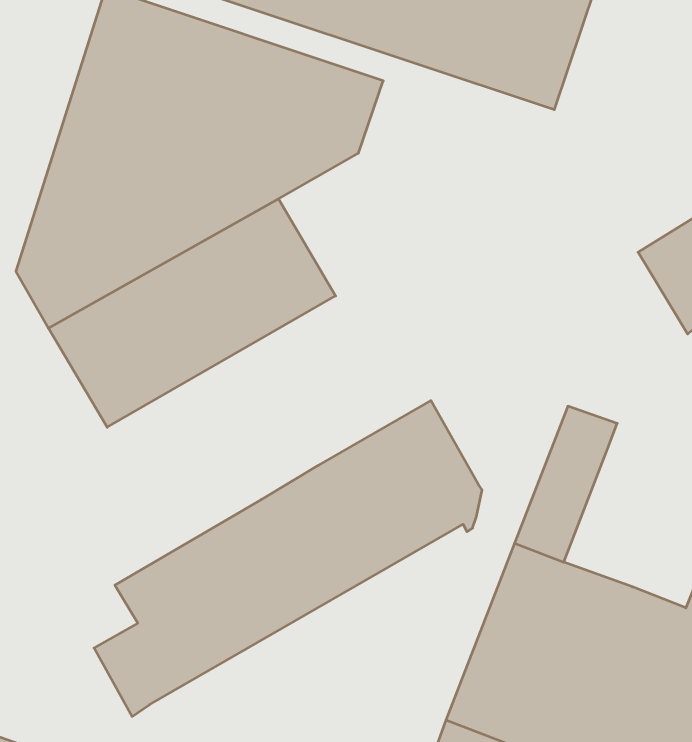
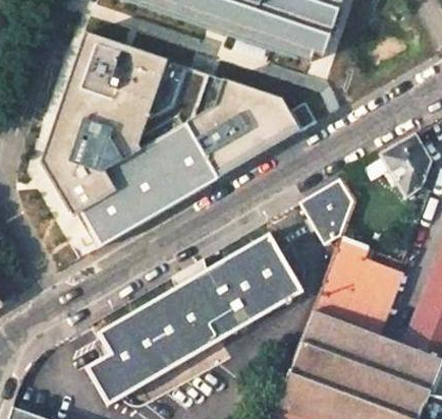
building: none -> [186,64,329,179]
building: none -> [298,178,354,245]
building: none -> [339,260,399,335]

